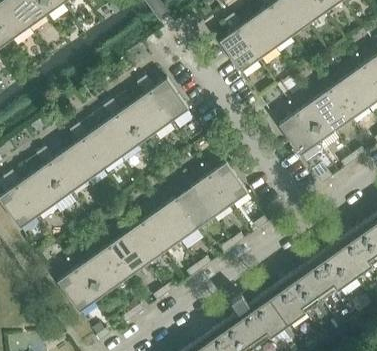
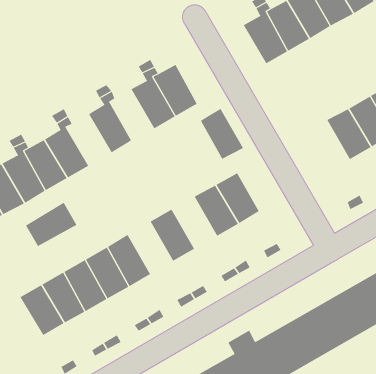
building: [117,102,155,144] -> [200,108,244,159]
building: [279,112,318,155] -> none
building: [83,126,122,168] -> none
building: [176,185,215,228] -> none
building: none -> [25,202,77,247]
building: [142,209,181,252] -> none

